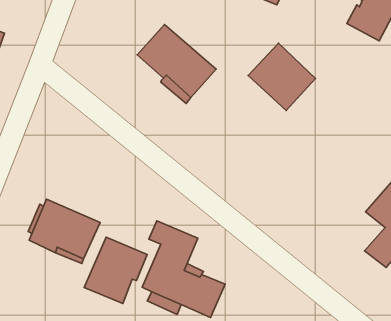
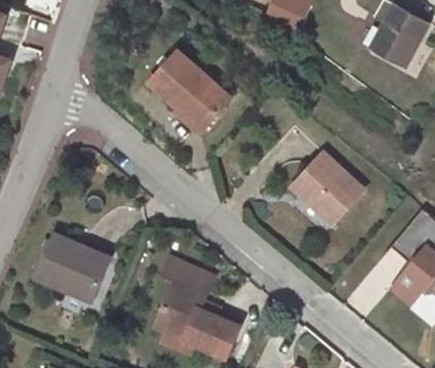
building: [248,43,316,111] -> [291,153,362,223]
building: [84,237,147,304] -> none

